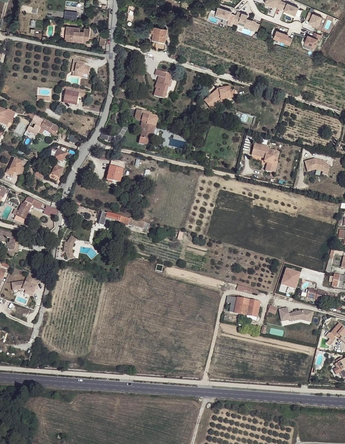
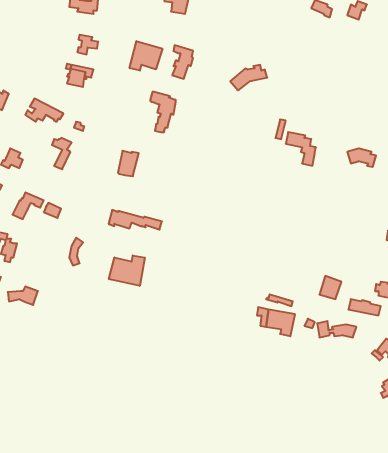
building: none -> [130,41,162,71]
building: none -> [109,255,145,286]

